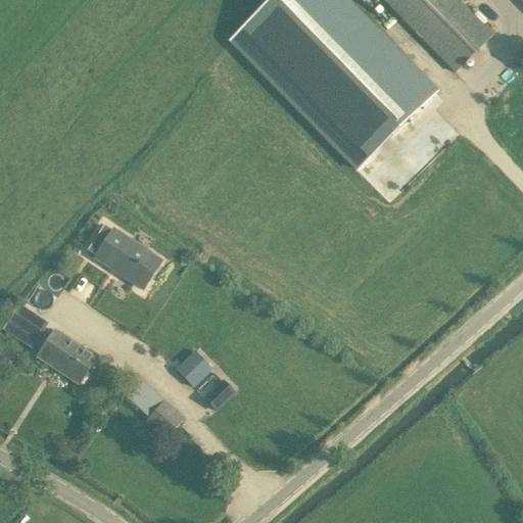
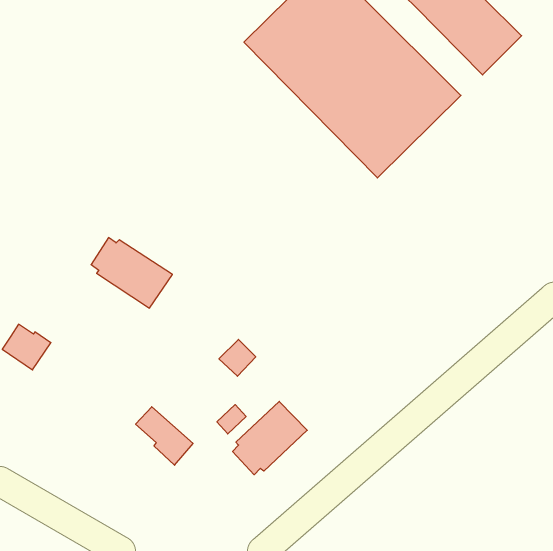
building: [38,328,97,382] -> none
building: [176,352,210,387] -> [219,339,256,376]
building: none -> [233,401,307,475]

